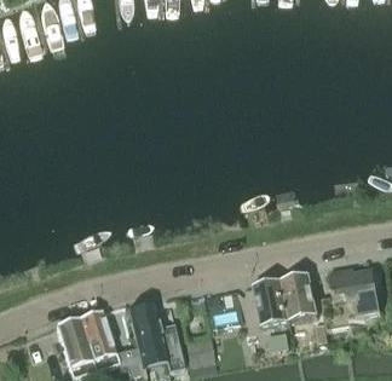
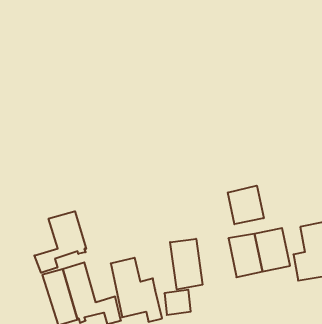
building: none -> [228,186,264,224]
building: none -> [34,211,86,273]
building: none -> [170,239,202,289]

